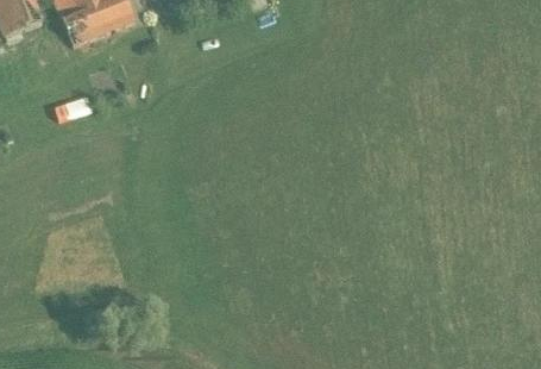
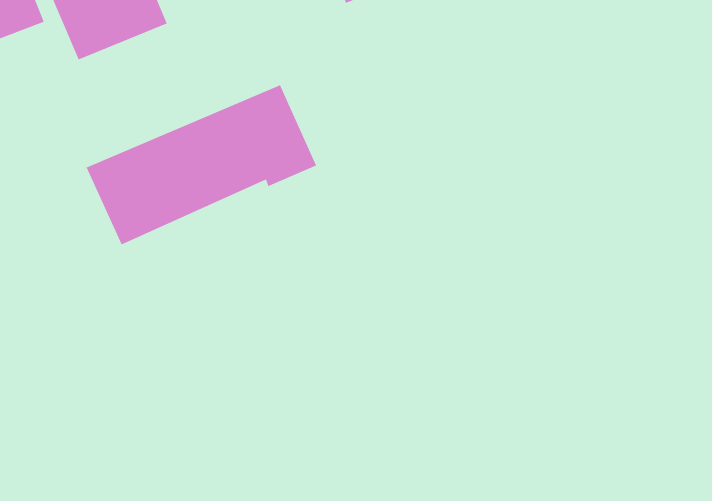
building: none -> [86,84,317,245]

